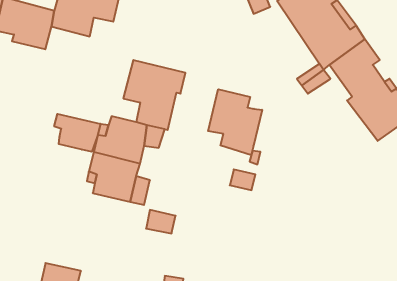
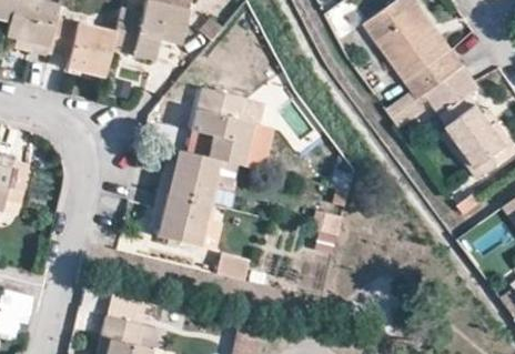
building: [208,89,262,155] -> none
building: [54,114,101,152] -> none

